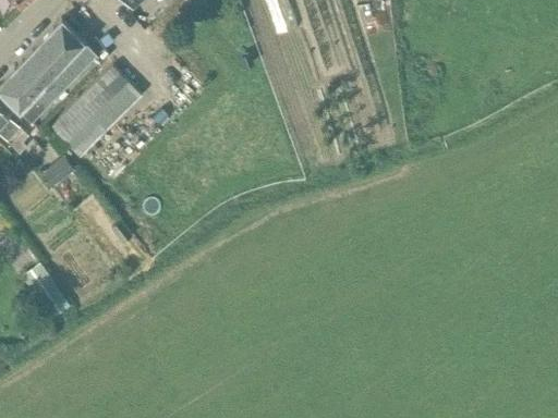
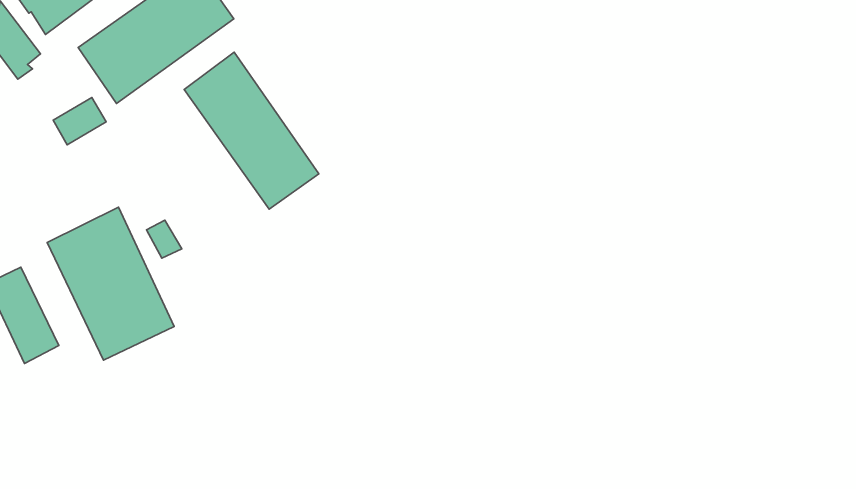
building: none -> [184,52,319,209]
building: none -> [47,207,174,360]

